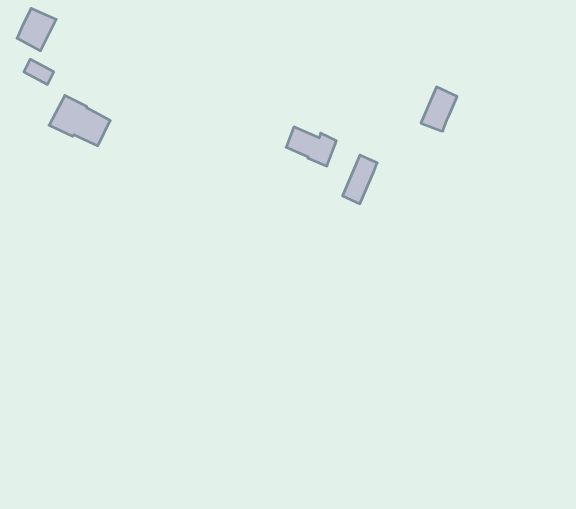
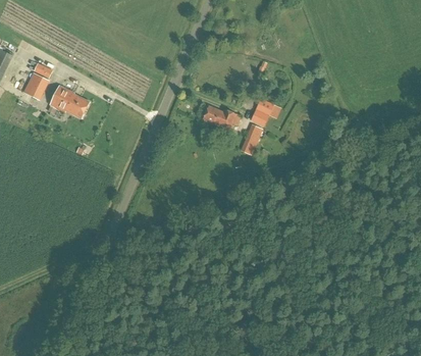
building: [17,8,56,51] -> [23,72,49,100]
building: [421,87,457,131] -> [251,97,274,125]

